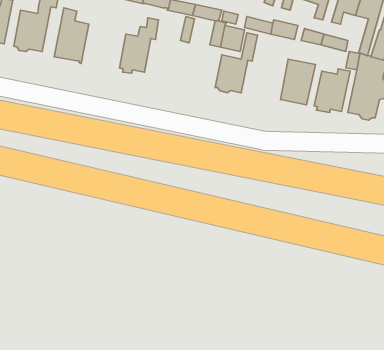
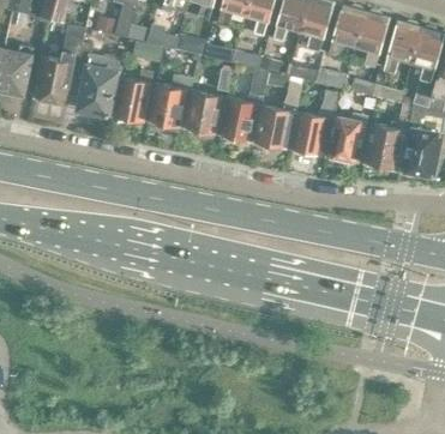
building: none -> [113,68,152,121]
building: none -> [185,89,221,132]
building: none -> [291,90,337,153]
building: none -> [221,98,255,140]

